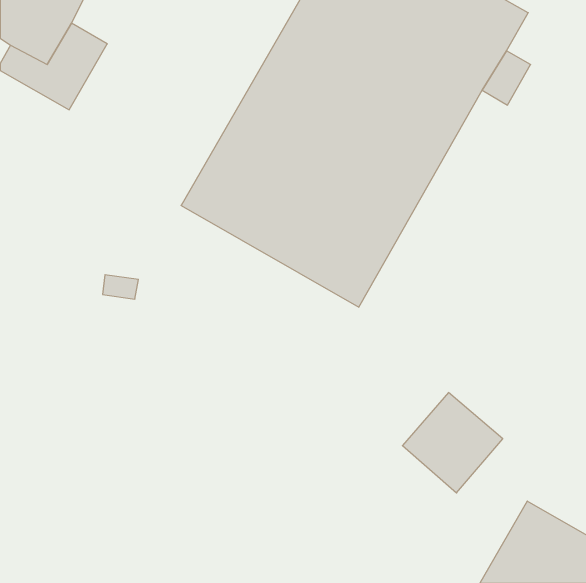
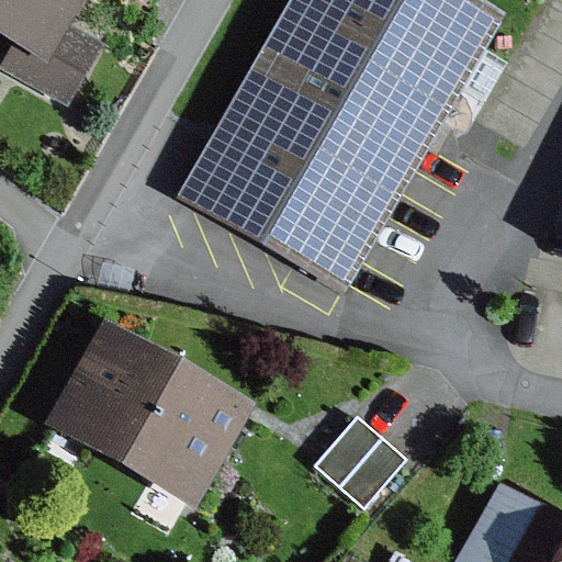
building: none -> [45,317,255,507]
building: [402,393,503,493] -> [315,412,411,507]

